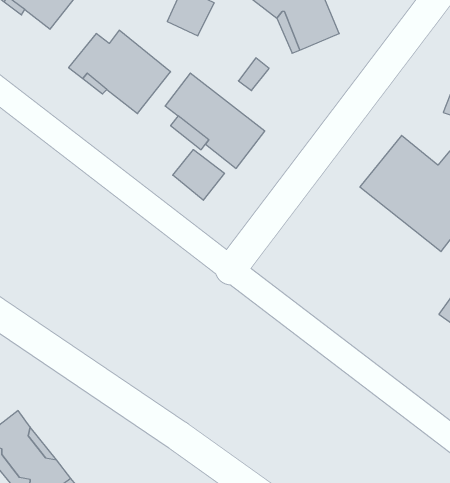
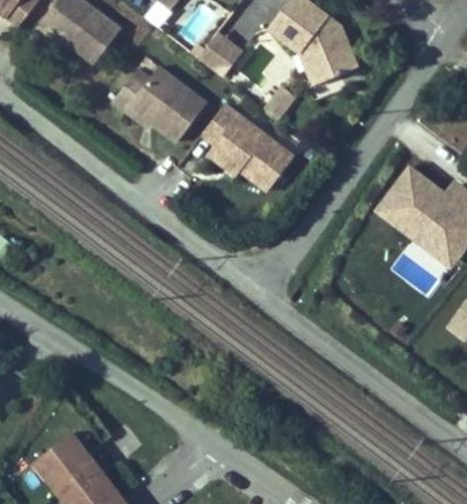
building: [173,150,224,200] -> none

